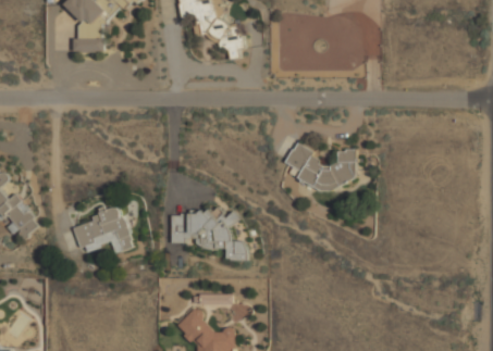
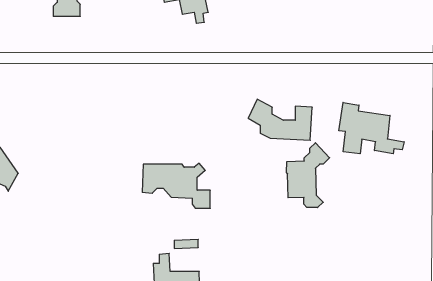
building: none -> [339,102,404,154]
building: none -> [287,143,330,208]
building: [75,206,132,253] -> none

